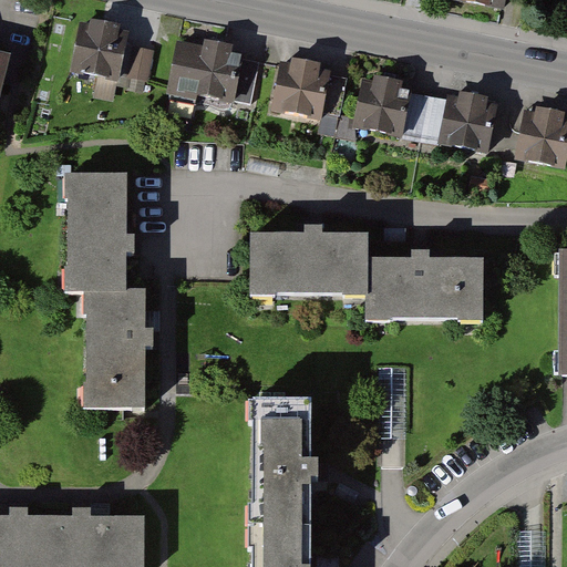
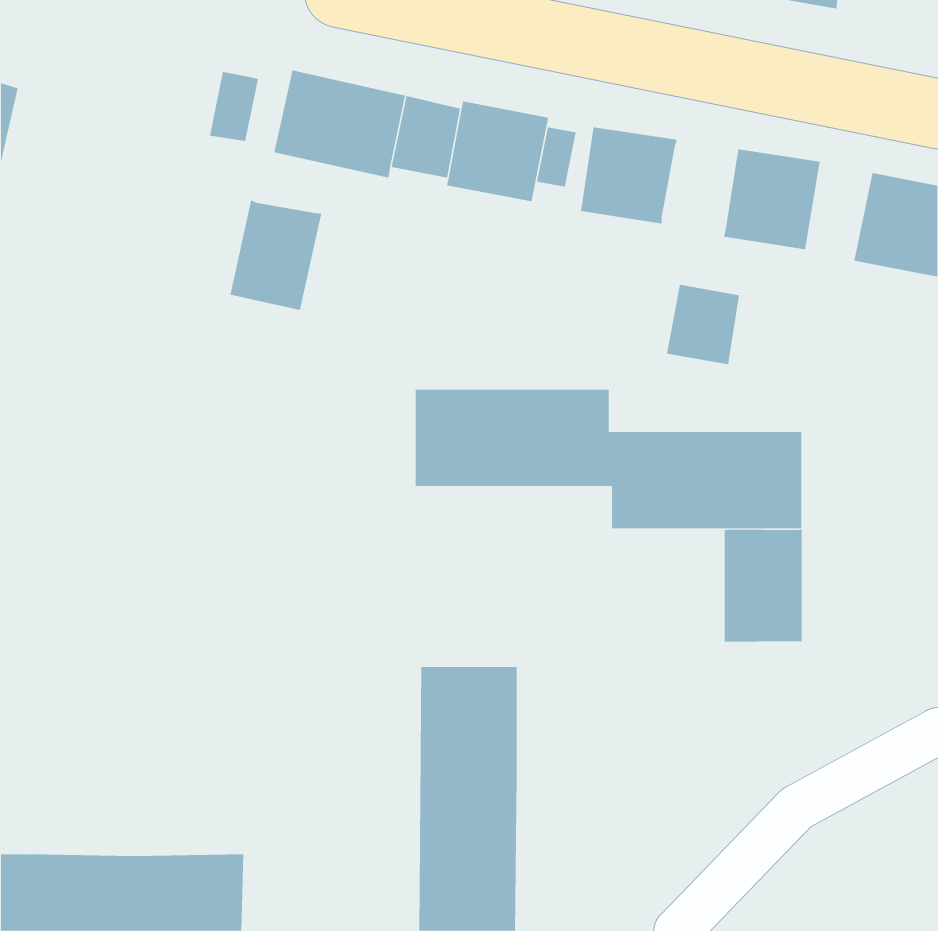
building: [71,14,131,78] -> none
building: [400,89,444,137] -> [666,284,740,365]
building: none -> [230,199,322,311]
building: [63,174,144,404] -> none
building: none -> [724,529,802,642]

